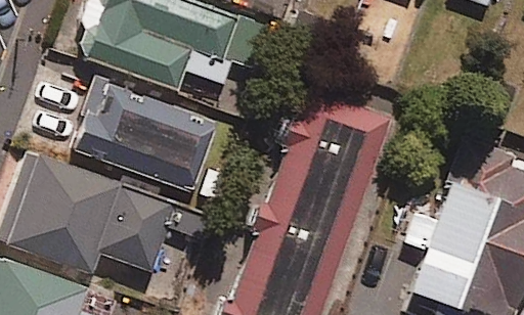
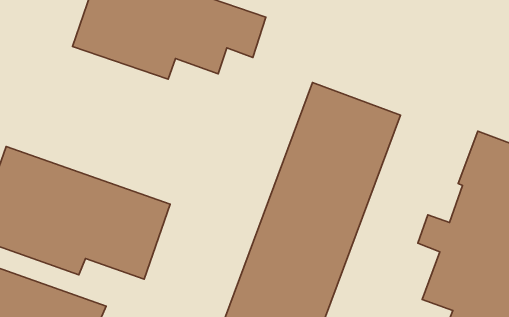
building: [70,81,209,188] -> none

